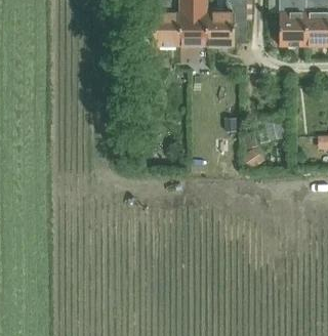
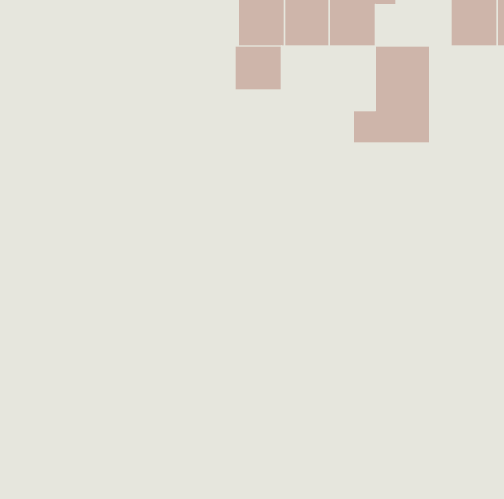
building: none -> [235,46,281,90]
building: none -> [353,46,430,143]

